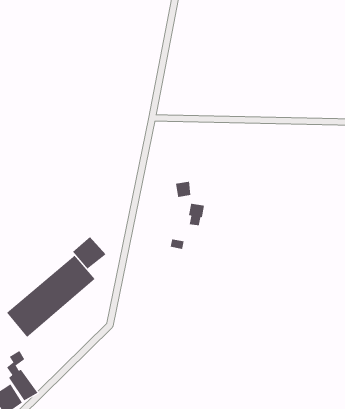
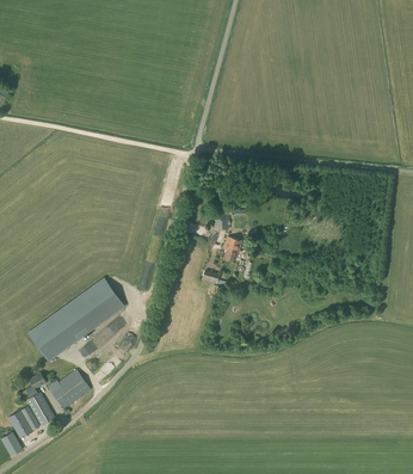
building: [72,236,106,269] -> none
building: none -> [48,369,91,410]

